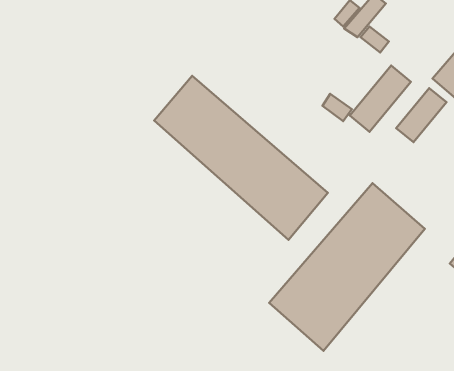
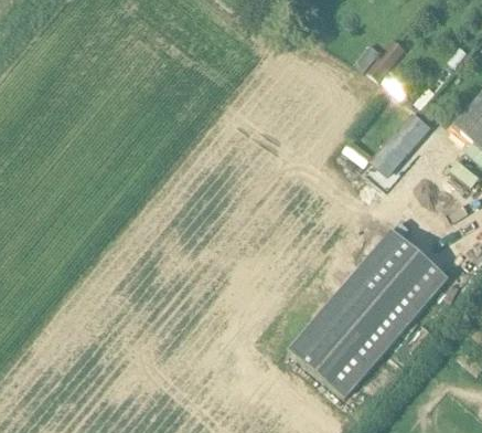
building: [154,76,328,240] -> none
building: [396,88,446,142] -> none

